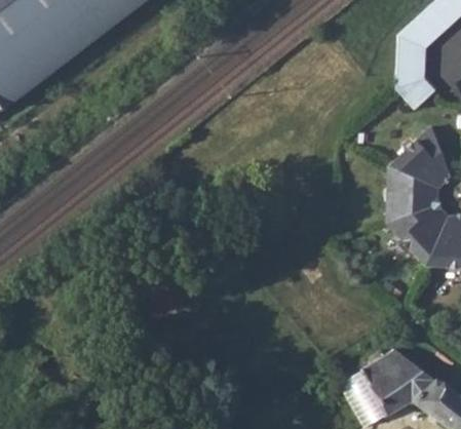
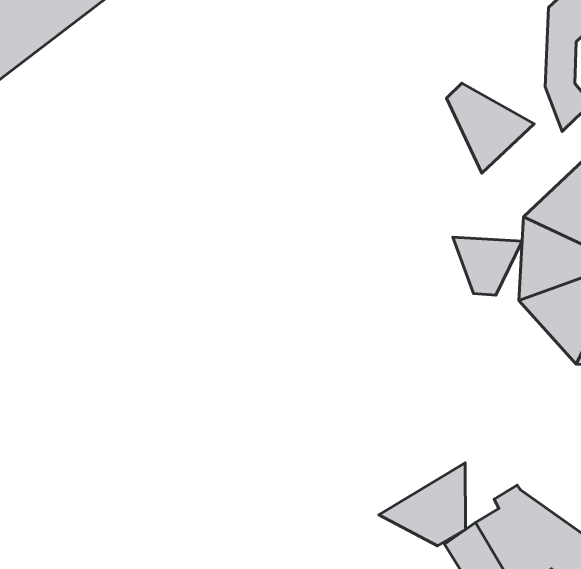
building: none -> [446,83,534,173]
building: none -> [453,237,522,295]
building: none -> [379,463,465,546]

